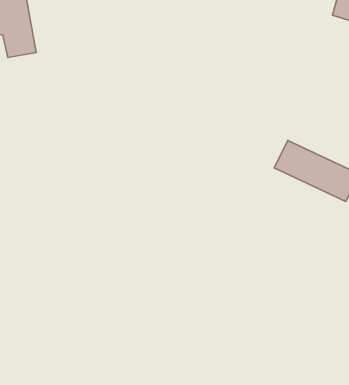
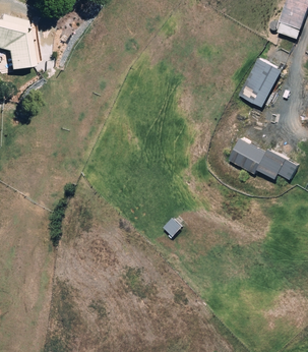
building: none -> [237,58,282,110]

